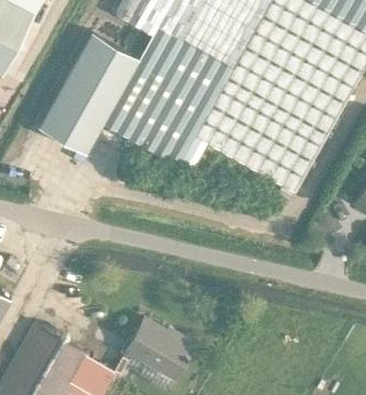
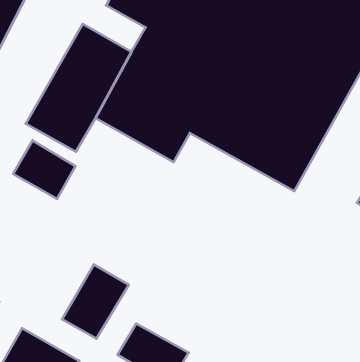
building: none -> [13,140,75,199]
building: none -> [62,265,129,339]

